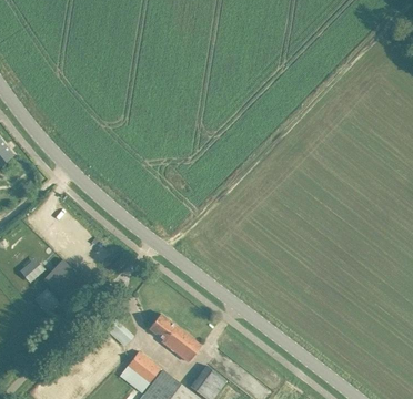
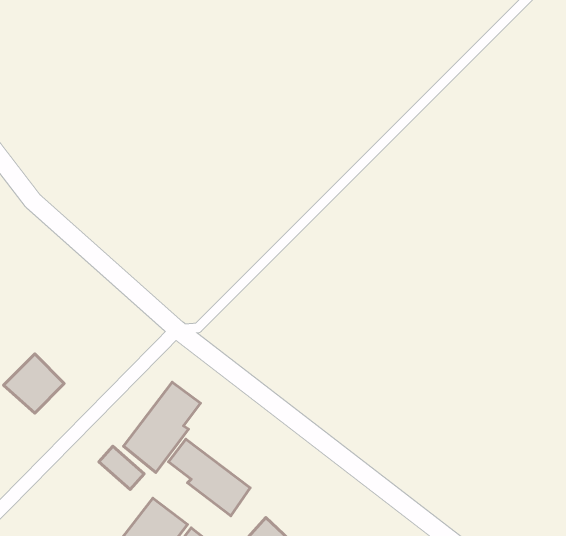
building: none -> [124,382,200,473]

